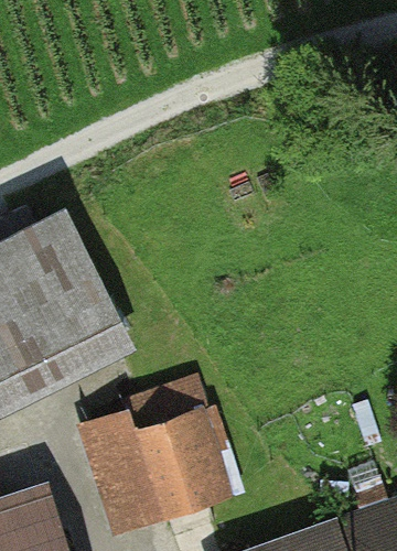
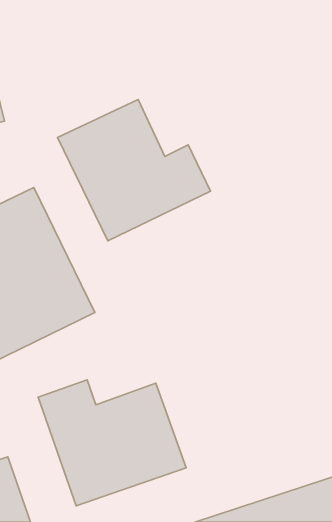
building: none -> [57,99,210,241]

